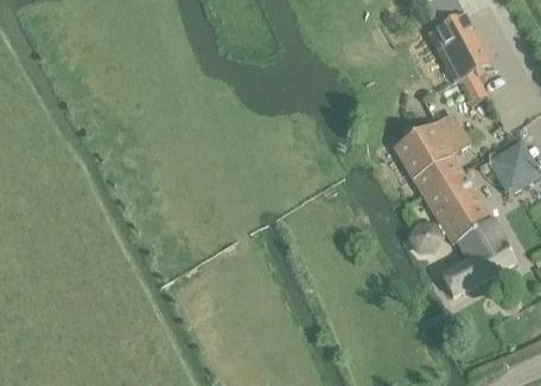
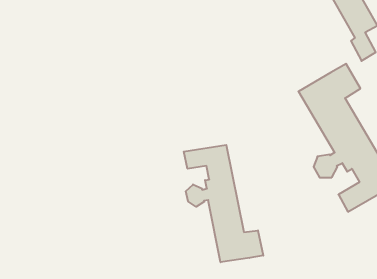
building: none -> [184,145,263,262]

